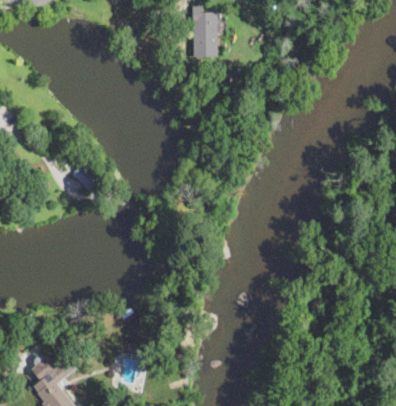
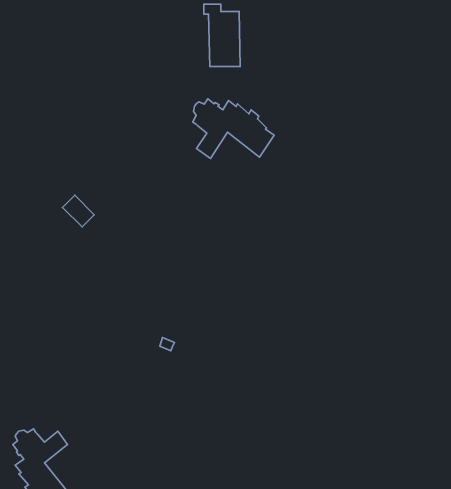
building: none -> [193,99,274,158]

